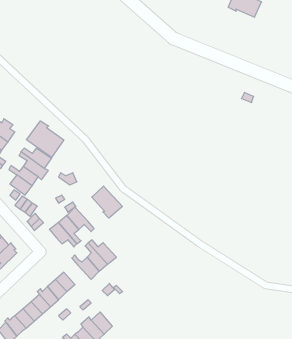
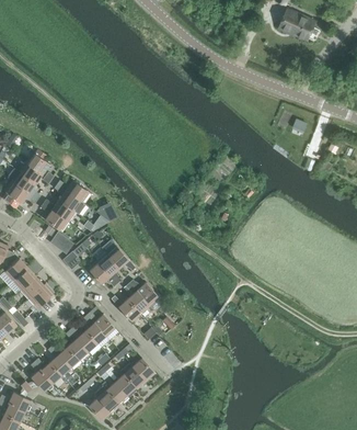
building: [26,121,64,157] -> none
building: [92,186,122,218] -> none

